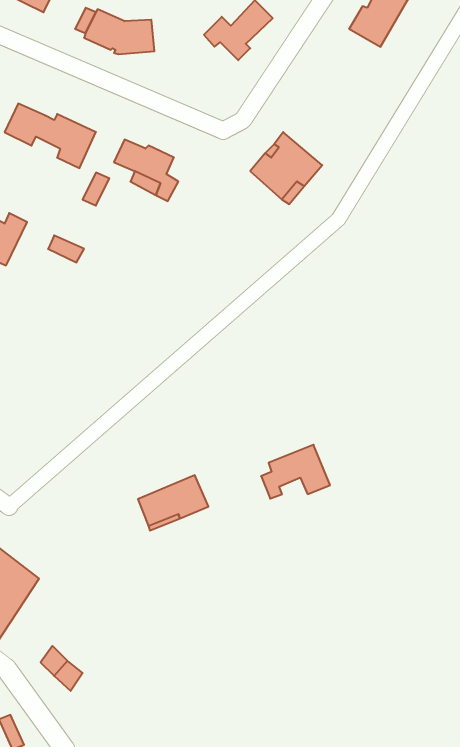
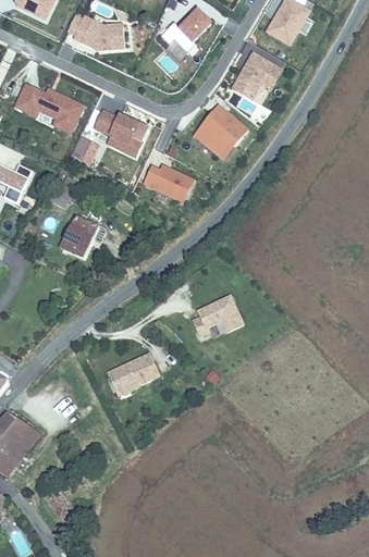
building: none -> [233,53,280,97]
building: none -> [144,165,193,201]
building: none -> [58,215,102,256]
building: [261,445,330,499] -> [195,294,245,333]

